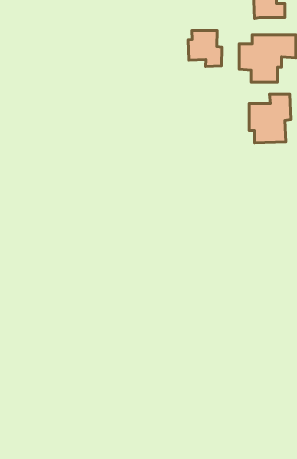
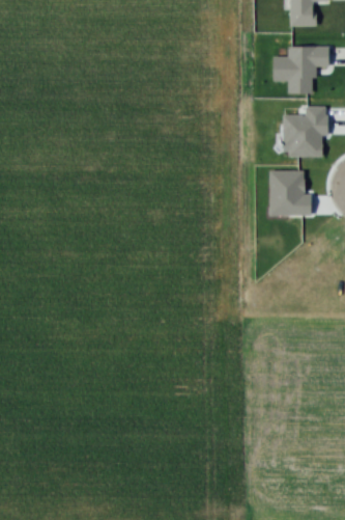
building: [188,30,222,66] -> none
building: none -> [271,170,311,215]

